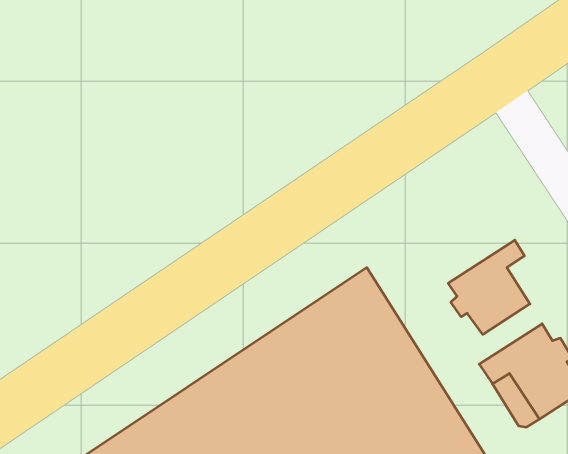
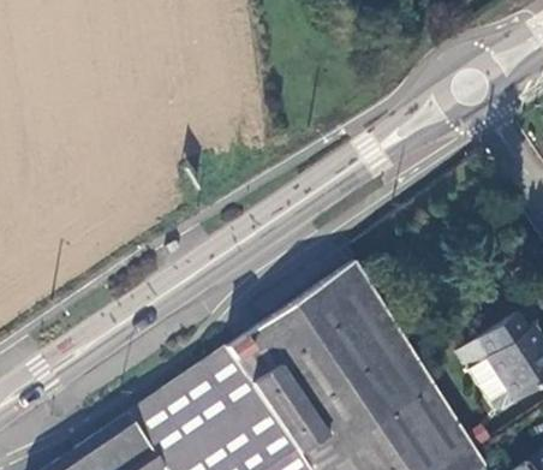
building: [448,240,530,334] -> none

